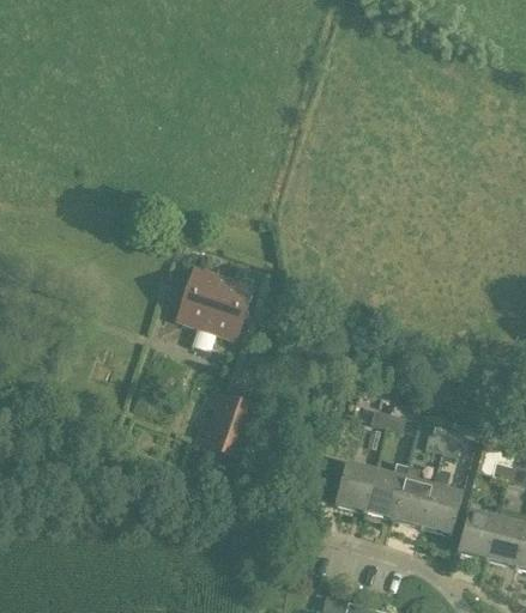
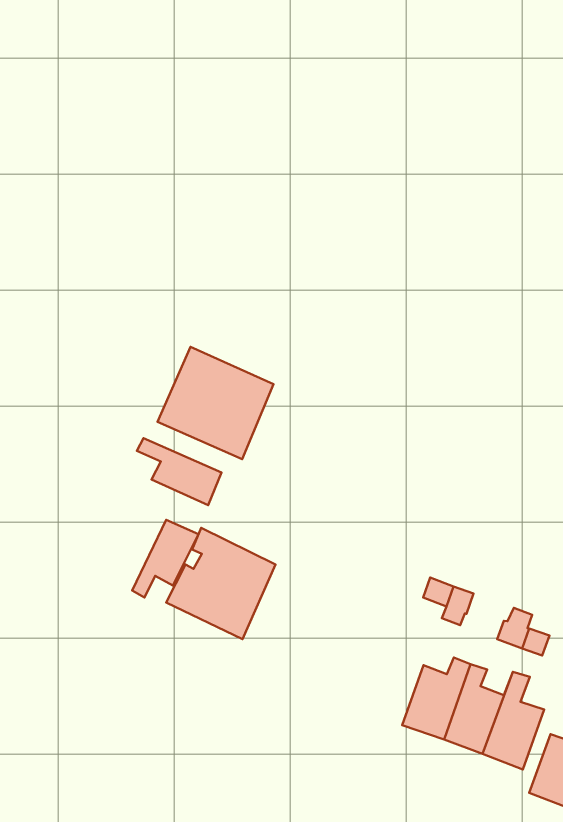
building: none -> [137,438,222,505]
building: none -> [132,520,198,598]
building: [335,462,376,512] -> none

